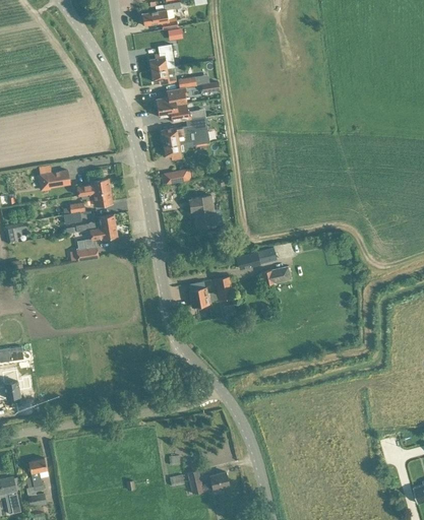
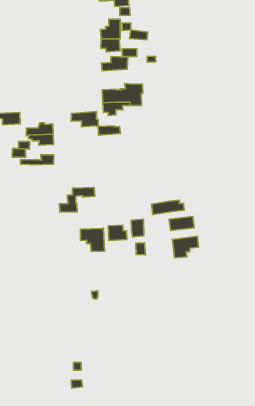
building: [158,102,191,122] -> [71,112,98,127]
building: [189,195,216,228] -> none
building: [76,225,117,260] -> [59,187,95,212]
building: none -> [172,236,199,258]
building: none -> [81,228,105,252]
building: [187,470,229,494] -> none

